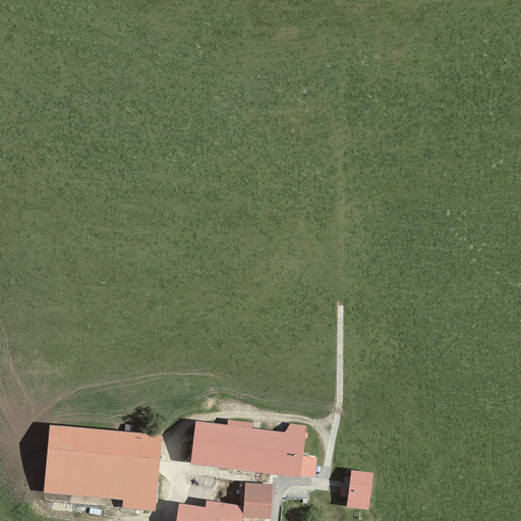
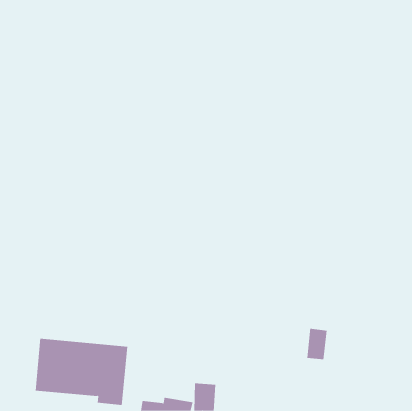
building: [188,420,307,478] -> none
building: [347,470,373,510] -> [306,328,327,360]

